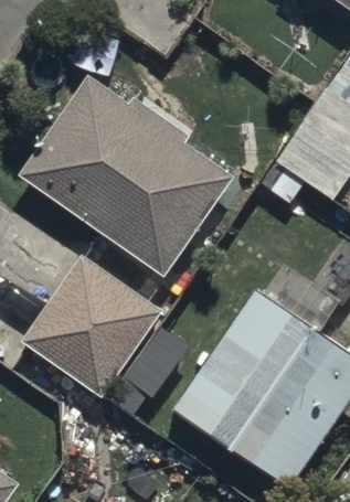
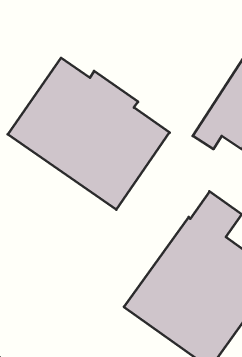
building: [21,257,161,397] -> none

